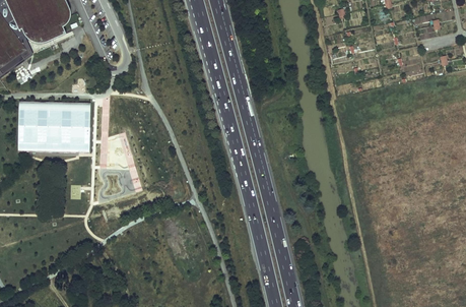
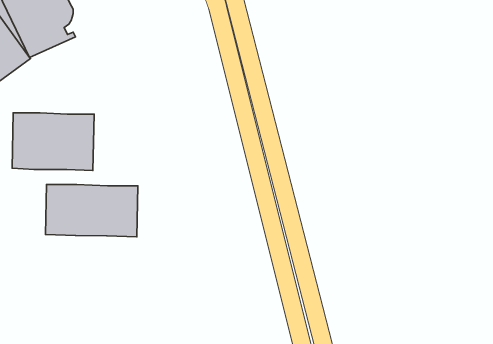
building: none -> [46,184,138,237]

